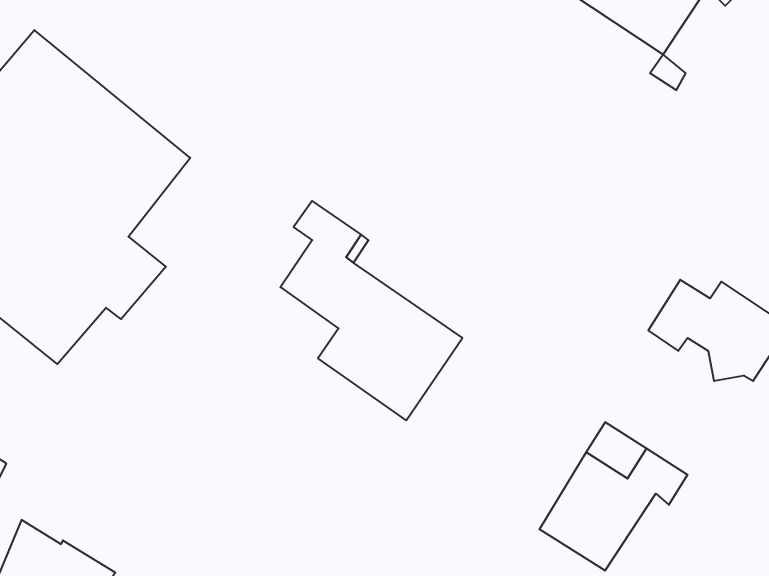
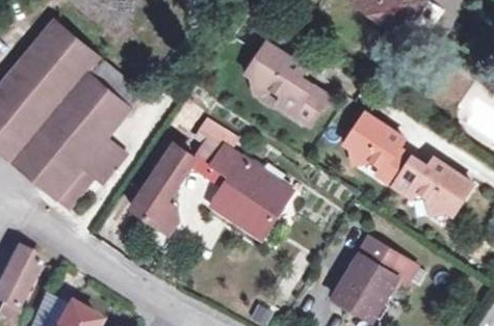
building: none -> [246,44,328,125]
building: none -> [345,114,412,187]
building: none -> [131,142,193,232]

